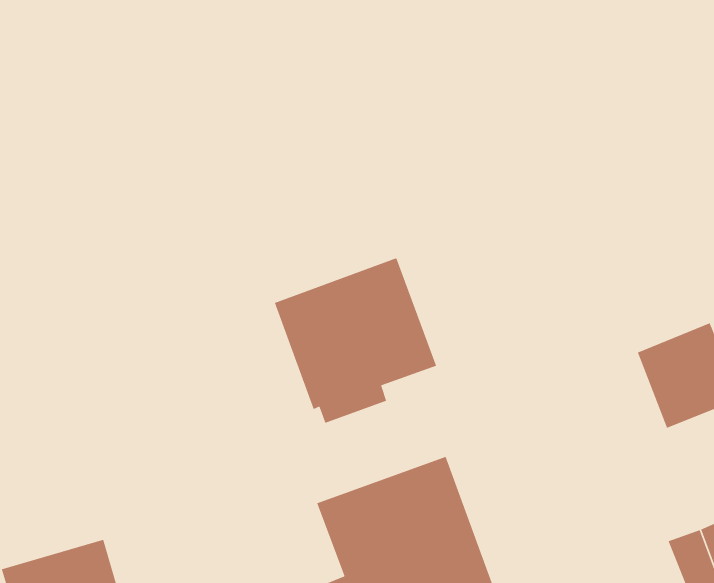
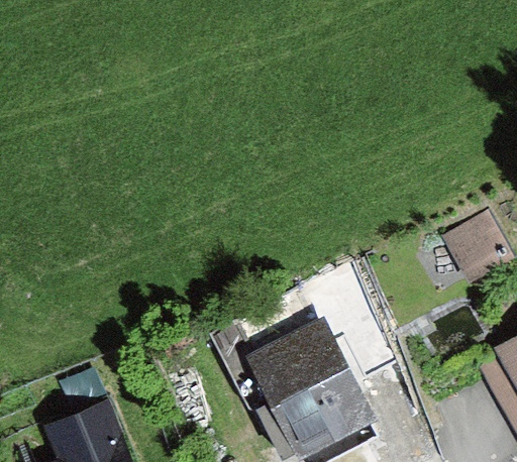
building: [274,257,437,424] -> none

